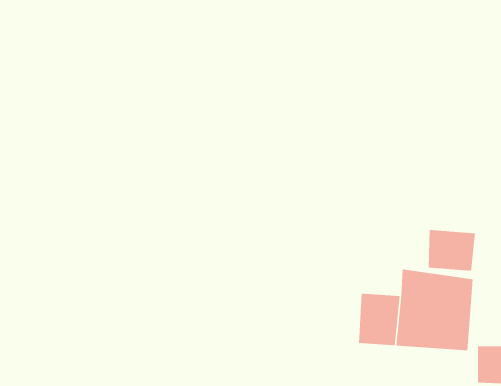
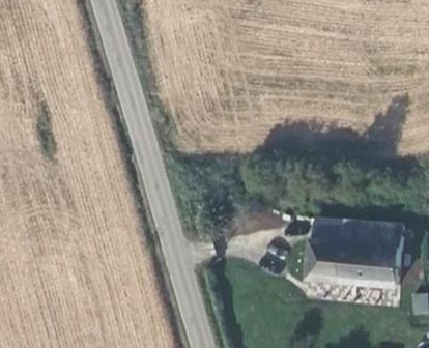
building: [428,229,476,272] -> none

